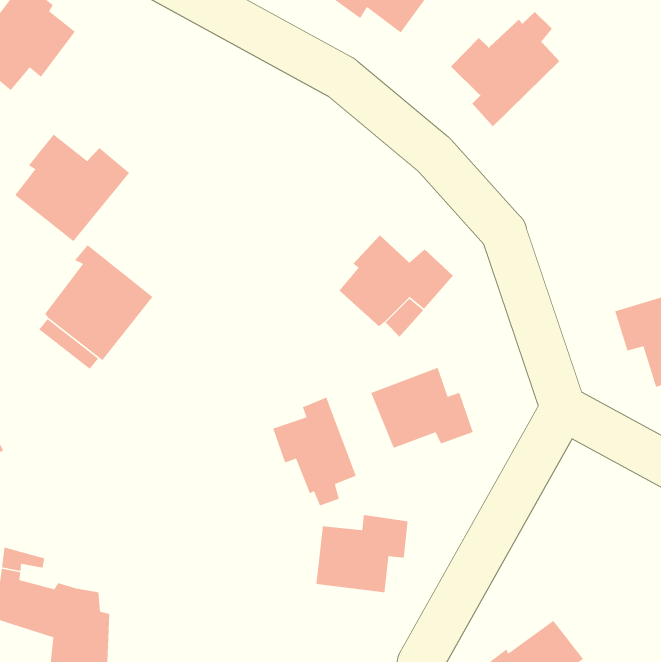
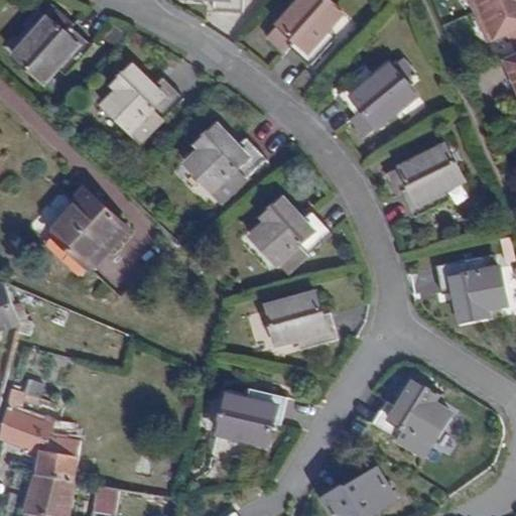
building: none -> [386,144,462,215]
building: [14,133,130,242] -> [101,66,180,140]
building: none -> [184,125,264,200]
building: [272,396,357,507] -> none
building: none -> [371,380,449,443]

